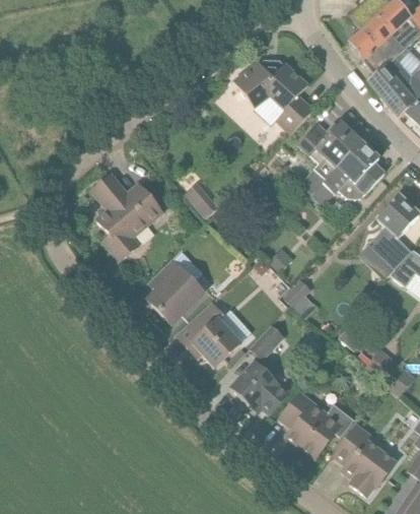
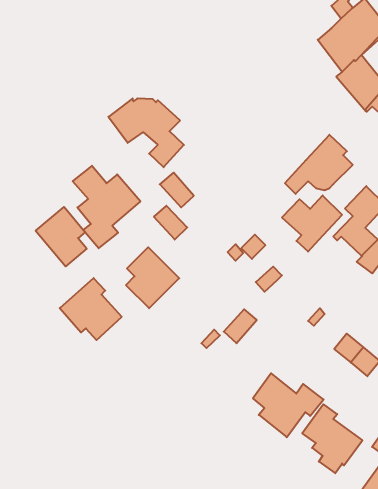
building: [233,61,312,133] -> [108,98,184,167]
building: [297,121,360,180] -> [282,195,342,252]
building: none -> [154,206,187,240]
building: none -> [36,207,87,266]
building: [176,302,240,367] -> [60,278,122,340]
building: [230,360,290,413] -> none

